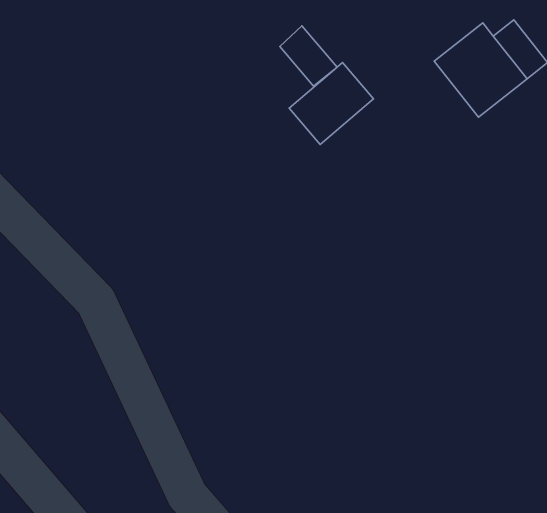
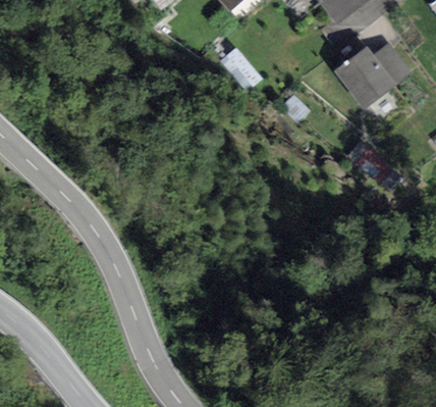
building: [289,63,373,144] -> none

